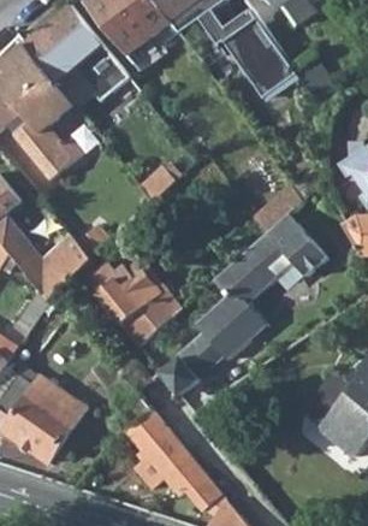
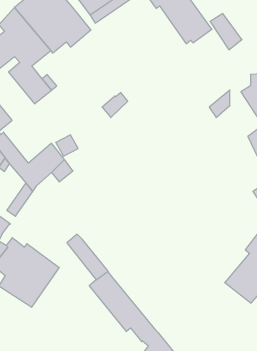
building: [160,211,332,397] -> none
building: [96,266,180,348] -> none

